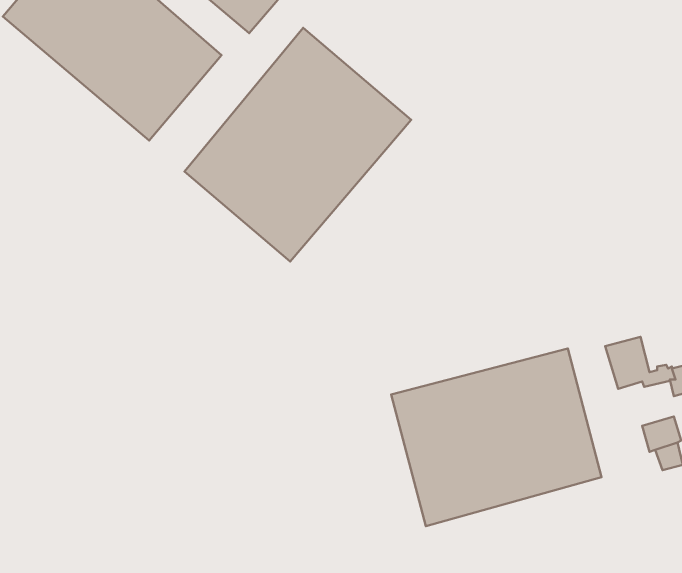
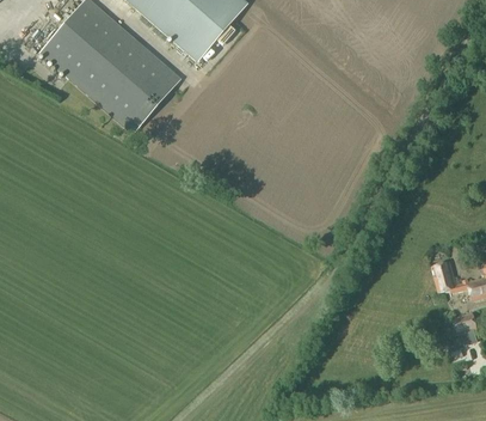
building: [185,28,411,262] -> none
building: [391,348,601,526] -> none

